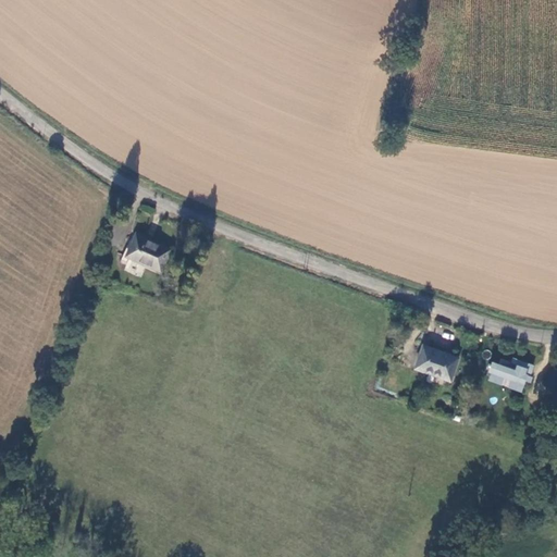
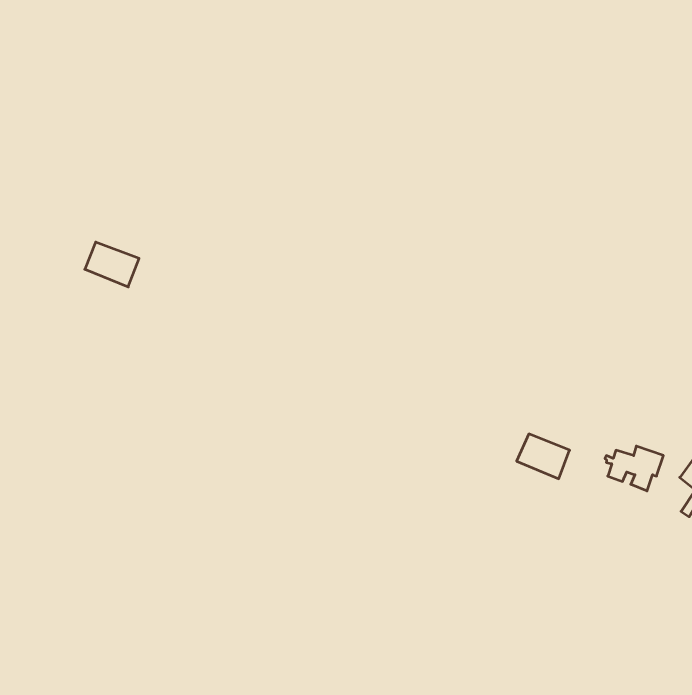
building: [127,233,171,269] -> [85,242,139,287]

